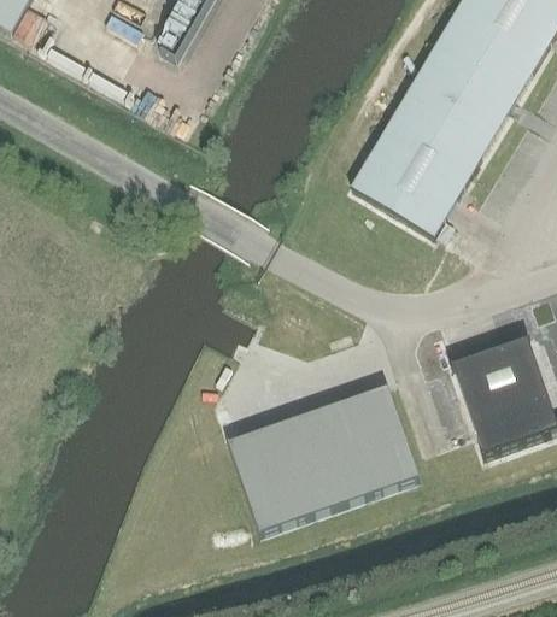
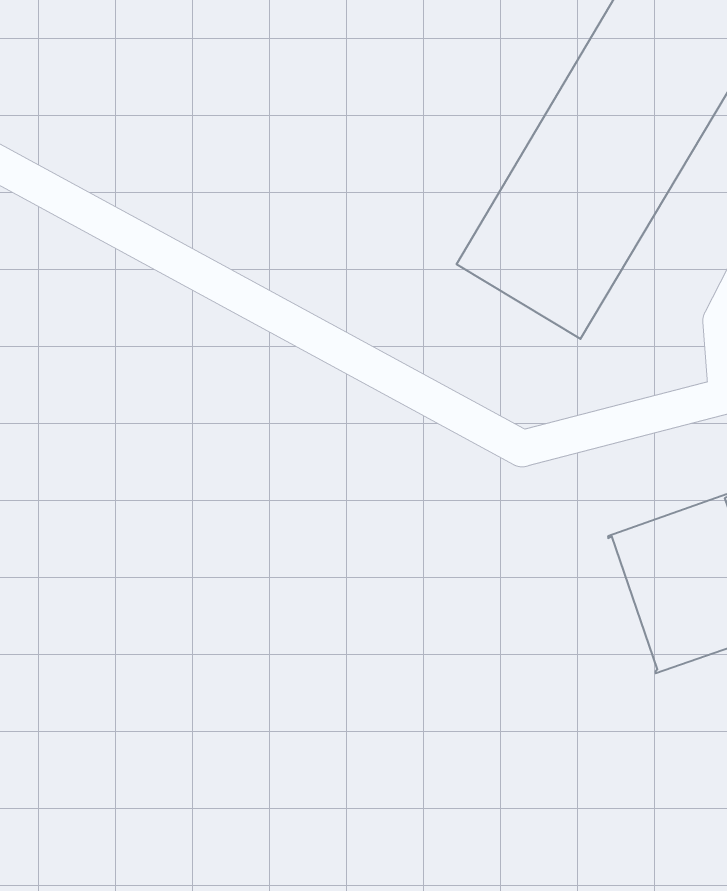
building: [228,384,421,533] -> none

